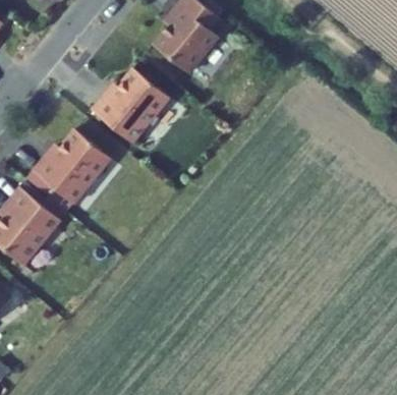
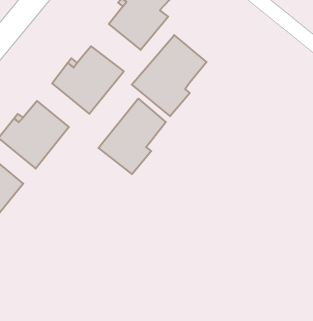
building: none -> [132,35,207,116]
building: none -> [98,99,166,174]

